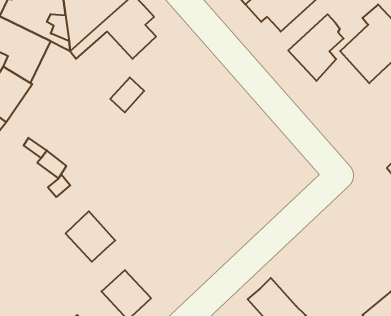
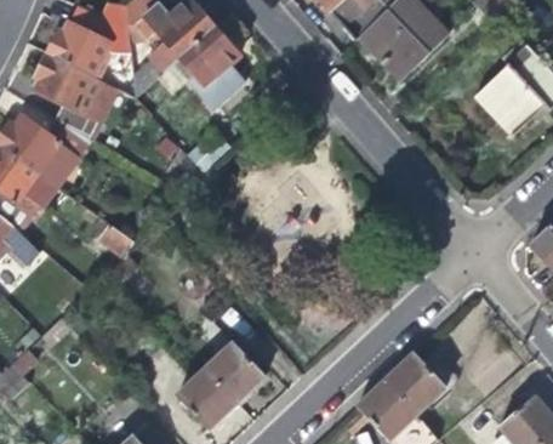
building: [288,14,344,81] -> none
building: [66,211,115,262] -> [205,341,267,404]
building: none -> [387,352,447,414]

